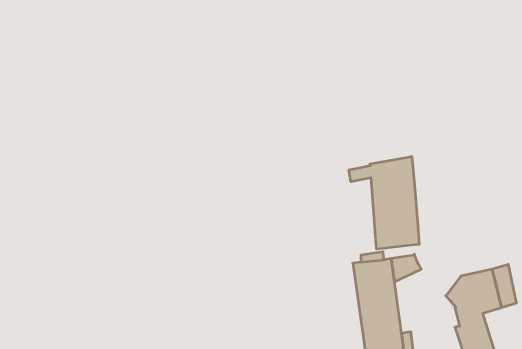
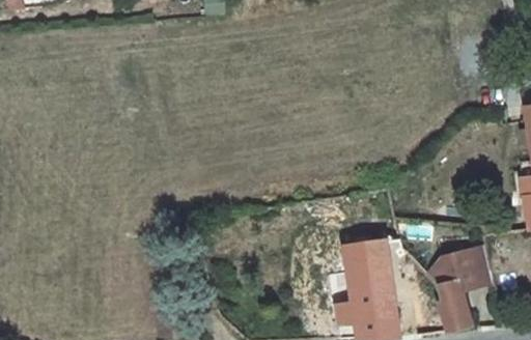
building: [349,156,419,249] -> none

